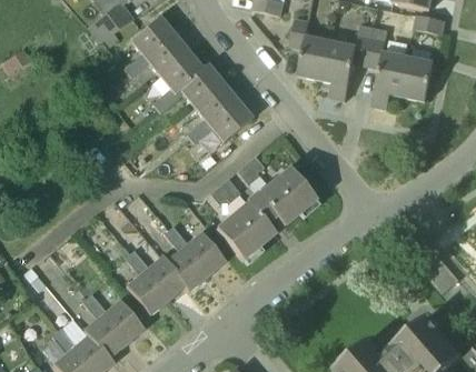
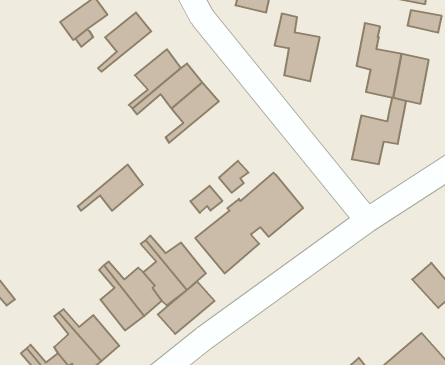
building: [323,23,374,86] -> [352,98,406,164]
building: [127,34,188,77] -> none
building: [190,100,251,143] -> [78,165,143,211]
building: none -> [158,281,215,334]

